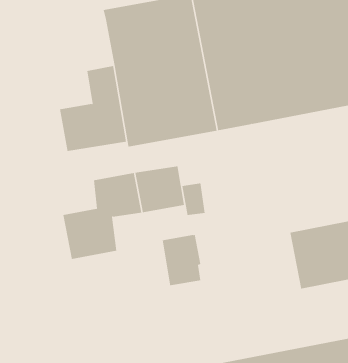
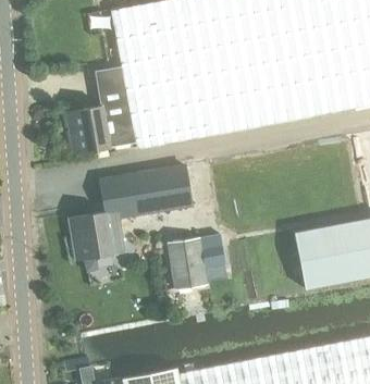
building: [182,183,206,215] -> [202,233,226,265]

